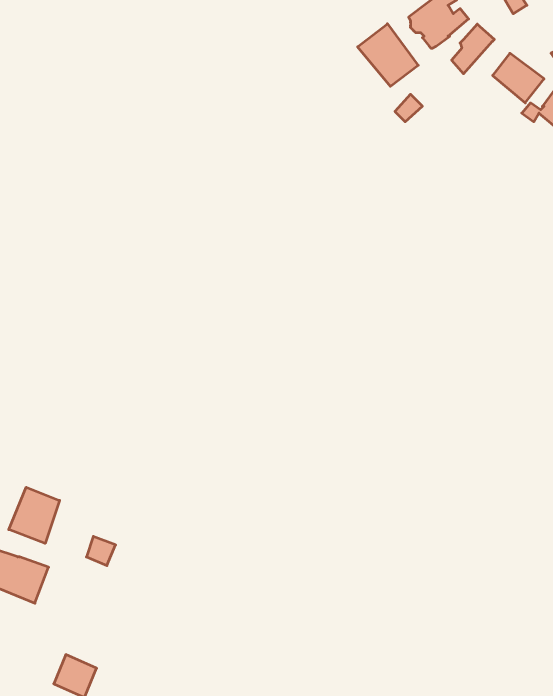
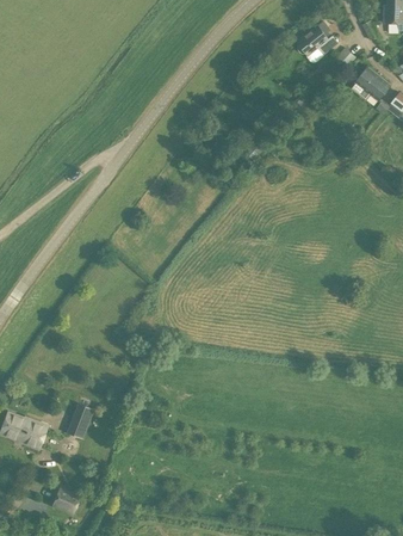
building: [358,24,418,86] -> none
building: [9,487,60,543] -> none

